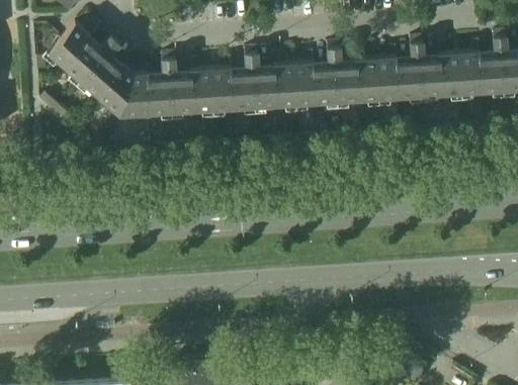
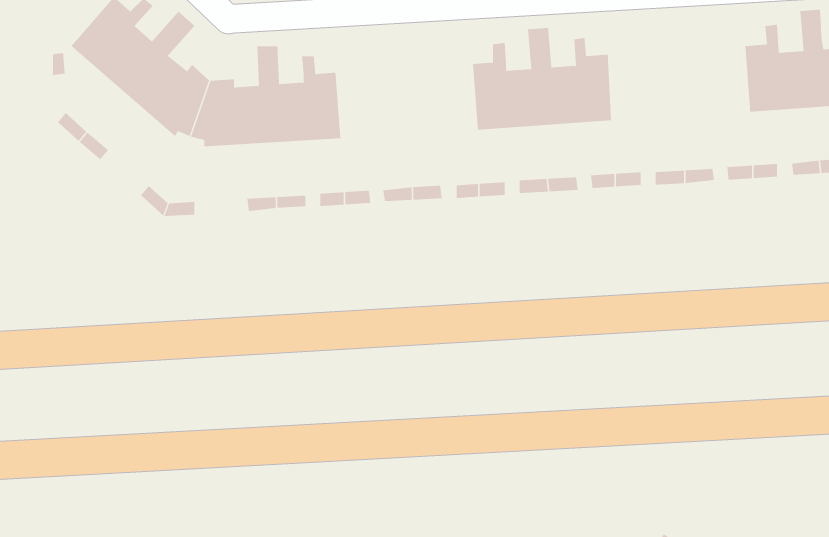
building: [375,39,461,101] -> none
building: [209,50,295,112] -> none

